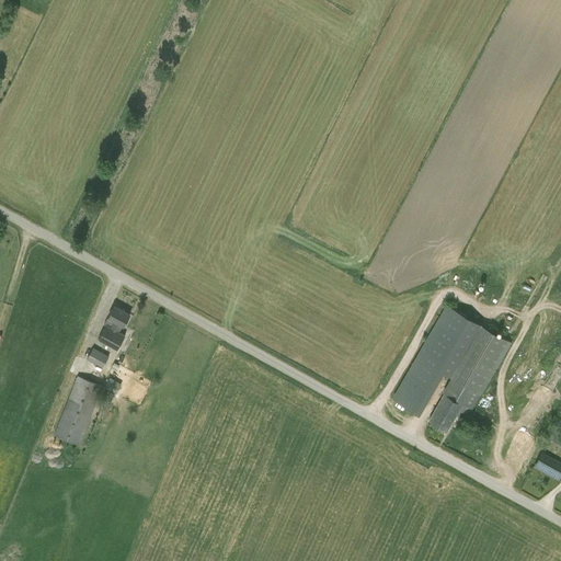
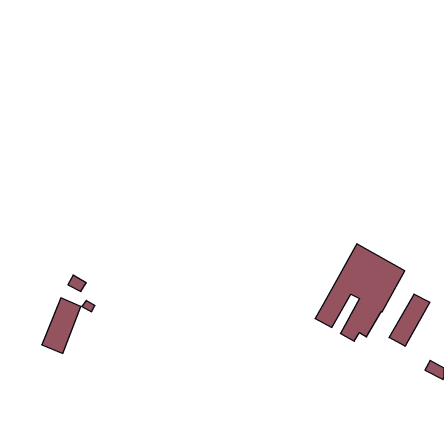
building: [98,307,128,351] -> none
building: none -> [389,294,430,346]

